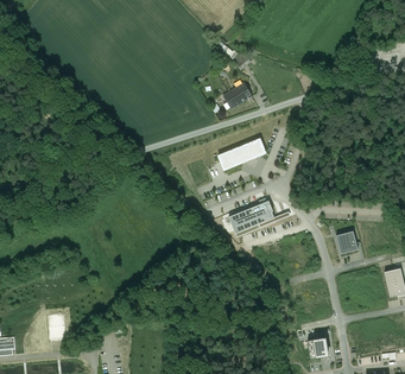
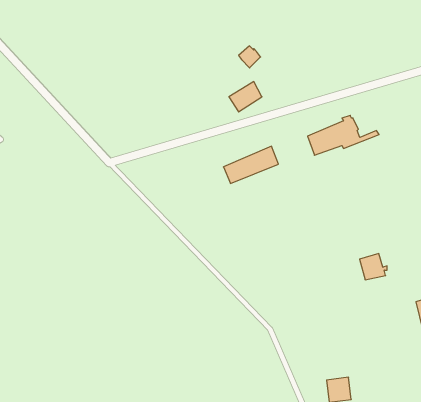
building: [228,198,290,233] -> [308,115,379,155]

